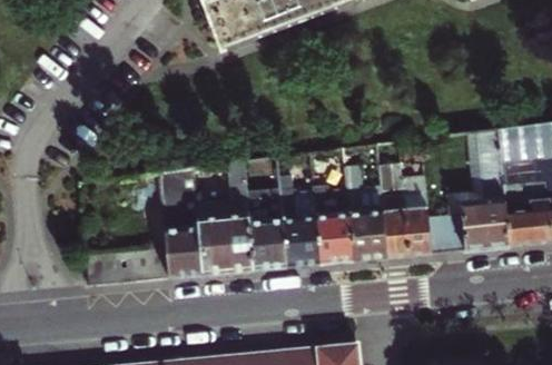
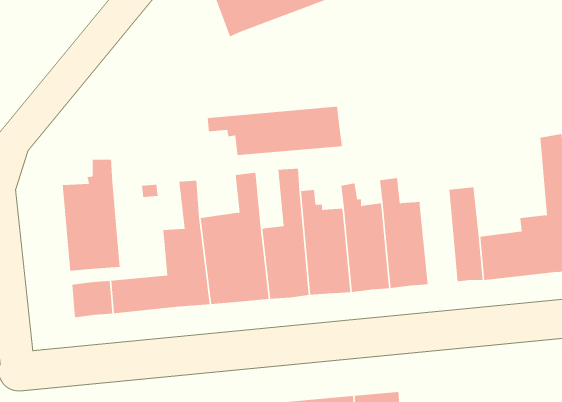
building: none -> [207,106,343,156]
building: none -> [62,159,120,272]
building: [378,177,408,256] -> none

